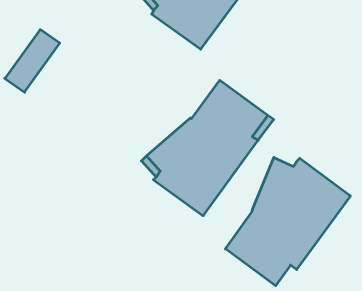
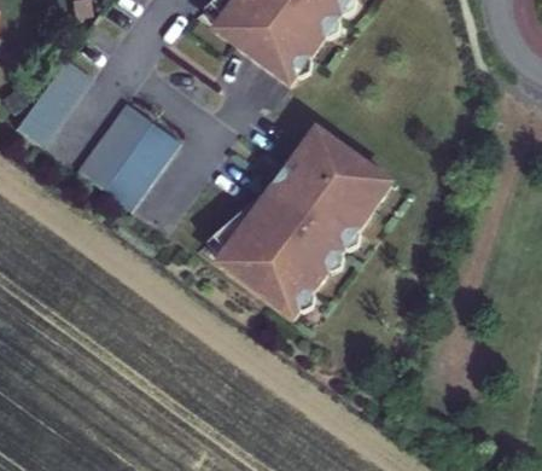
building: none -> [78,101,182,209]
building: [225,157,350,286] -> none

